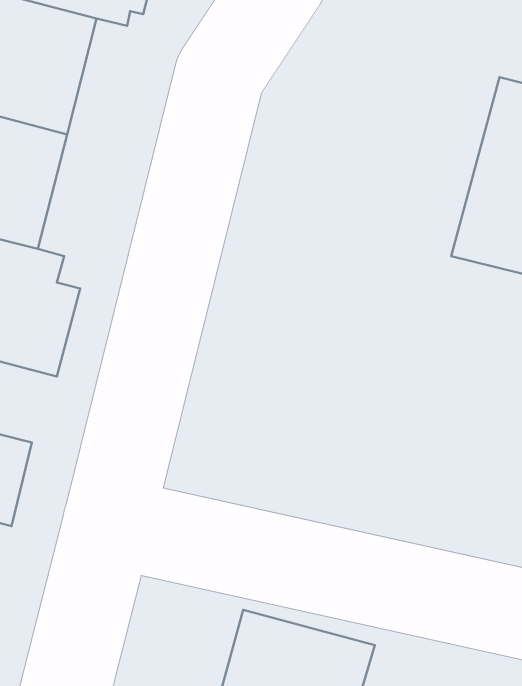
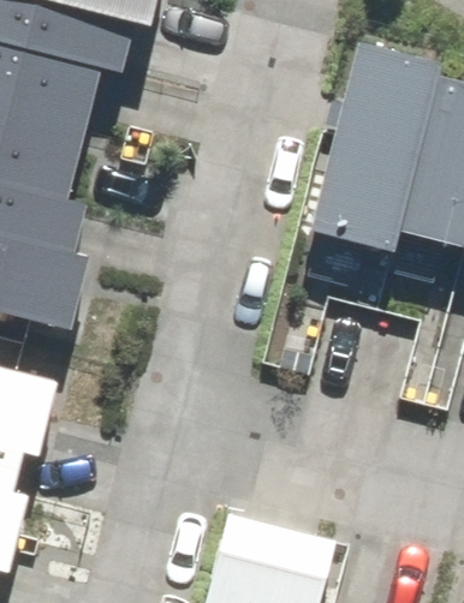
building: none -> [315,48,441,246]

